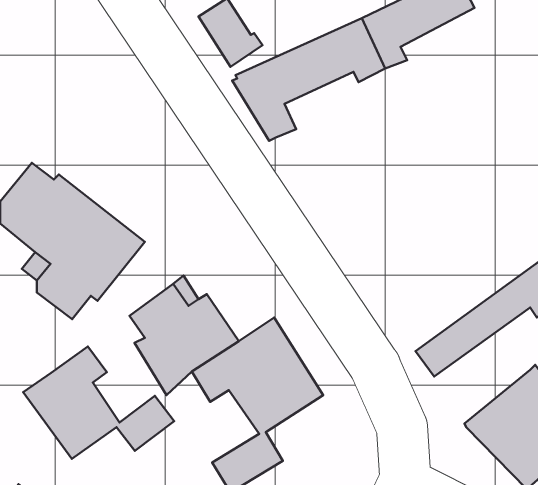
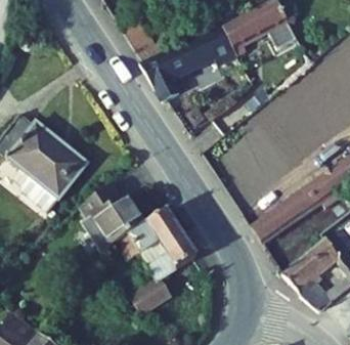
building: [23,347,174,459] -> none

